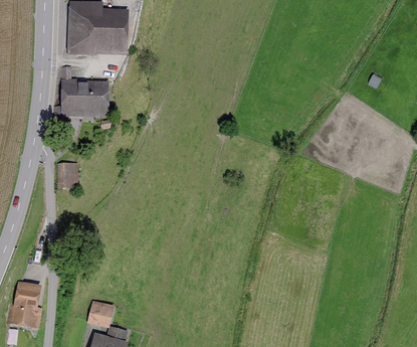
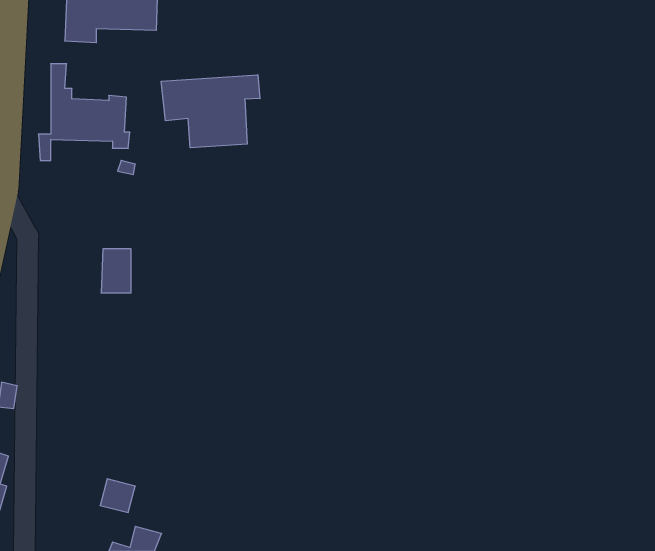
building: none -> [161,75,260,148]
building: [58,163,75,188] -> [101,249,131,293]

